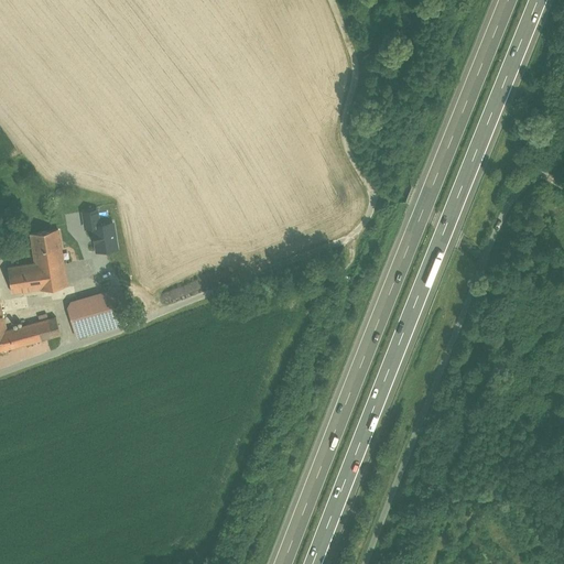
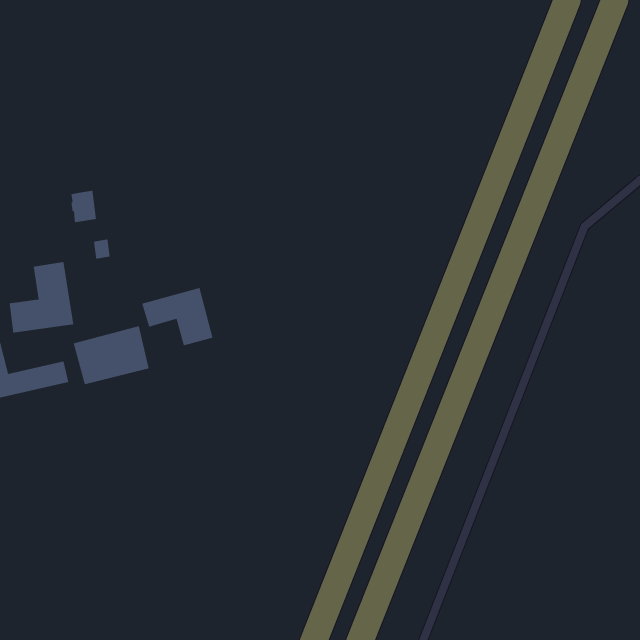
building: [91,225,115,253] -> [71,190,97,223]
building: none -> [141,287,213,346]

